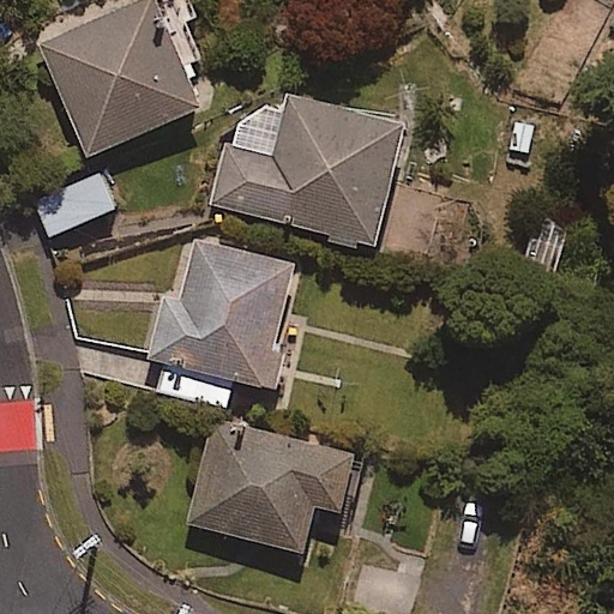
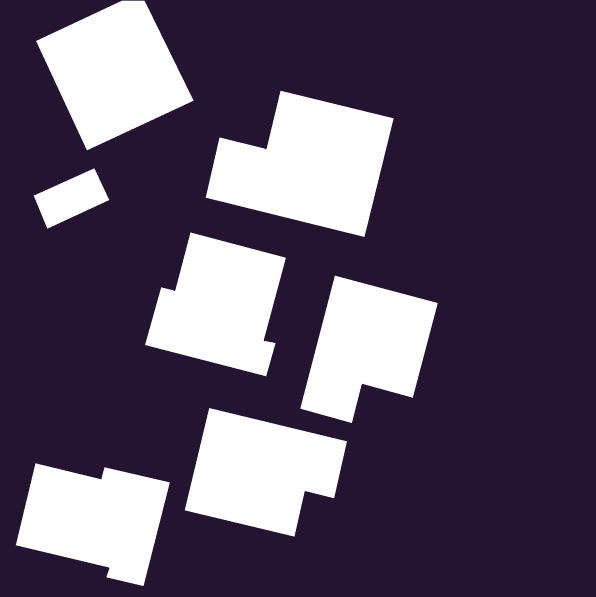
building: none -> [299,275,439,424]
building: none -> [15,462,170,587]

